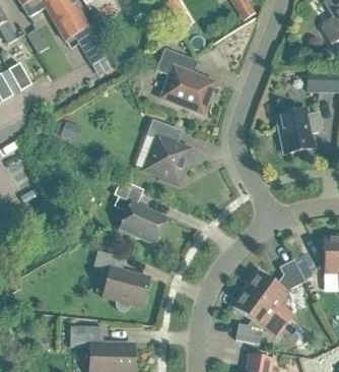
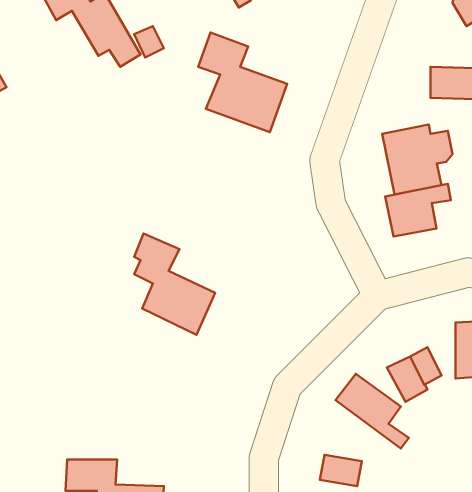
building: [144,118,190,185] -> none
building: none -> [385,184,451,236]
building: [93,249,149,310] -> none
building: [232,287,288,326] -> none

